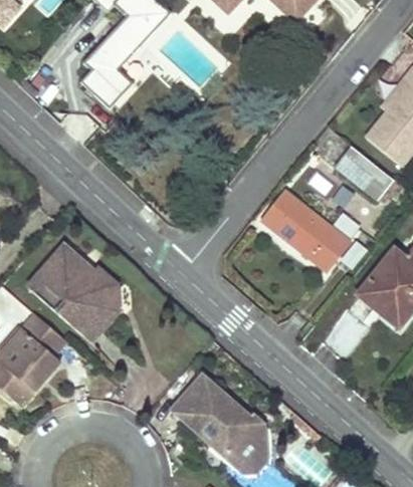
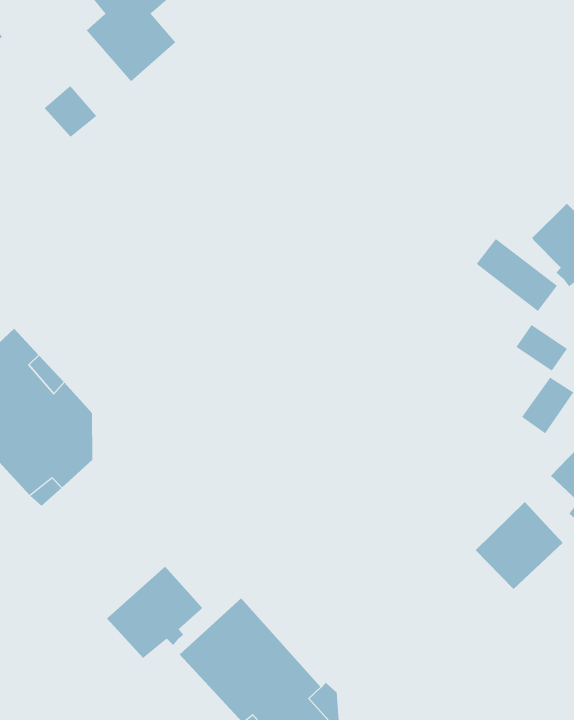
building: [262,191,348,268] -> none
building: none -> [106,566,203,659]

